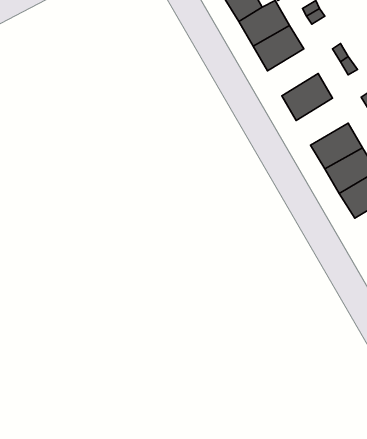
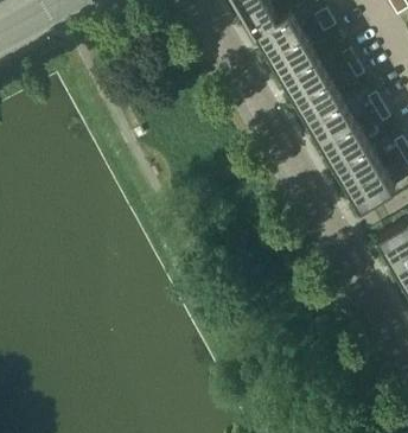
building: none -> [282,56,329,98]
building: none -> [308,101,356,144]

